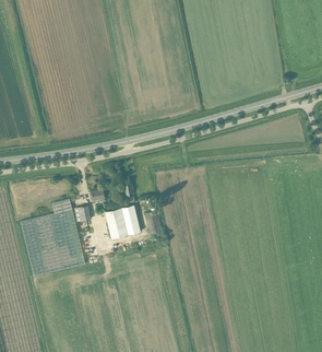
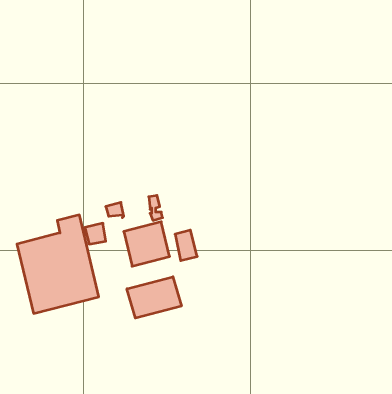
building: none -> [127,277,181,318]

